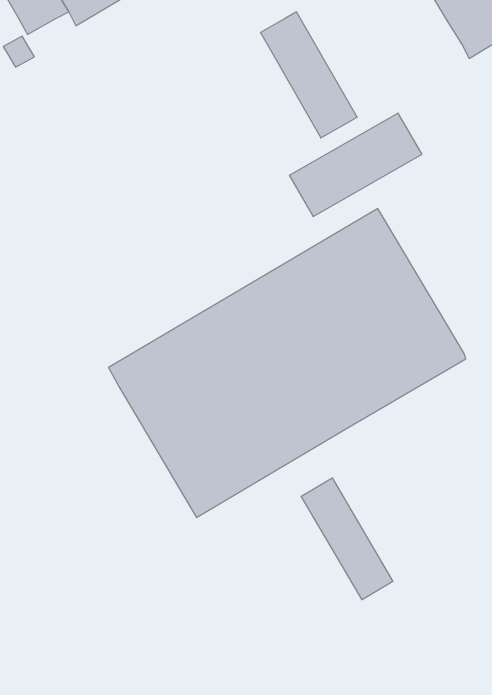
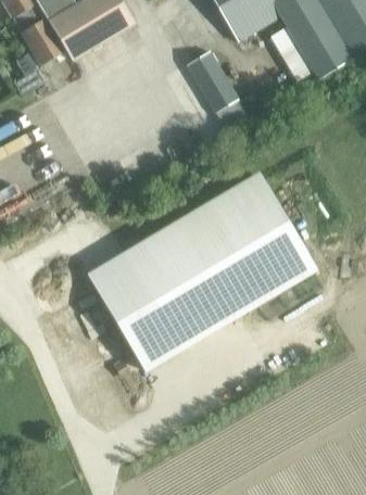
building: [290,113,422,217] -> none
building: [301,478,393,600] -> none

